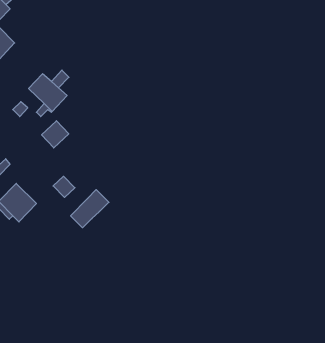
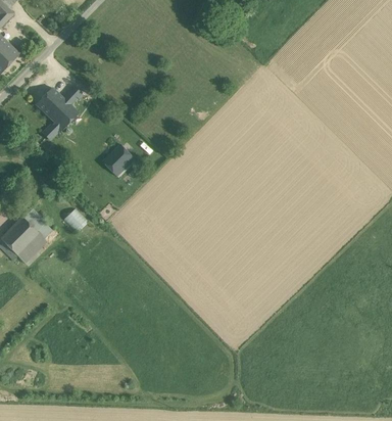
building: [42,121,69,148] -> [103,143,135,175]
building: [71,190,109,228] -> none

